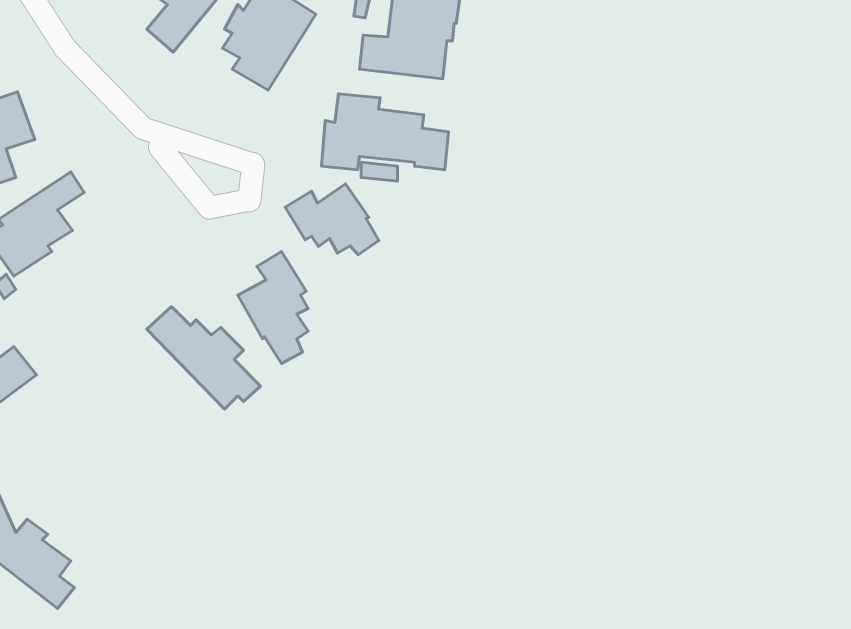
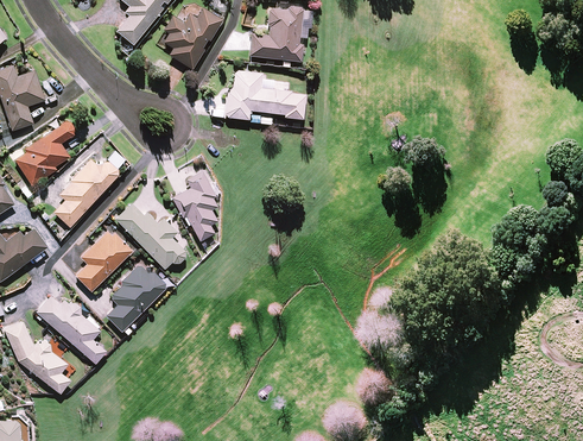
building: [285,184,379,255] -> none
building: none -> [53,159,120,227]
building: none -> [75,228,132,291]
building: none -> [106,265,166,332]
building: none -> [36,296,108,365]

